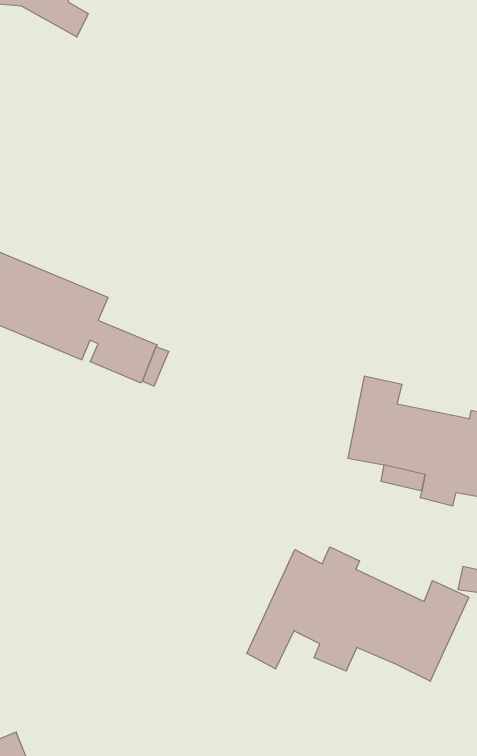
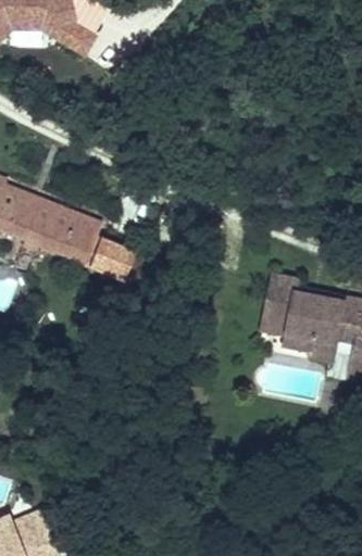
building: [247,547,469,681] -> none

